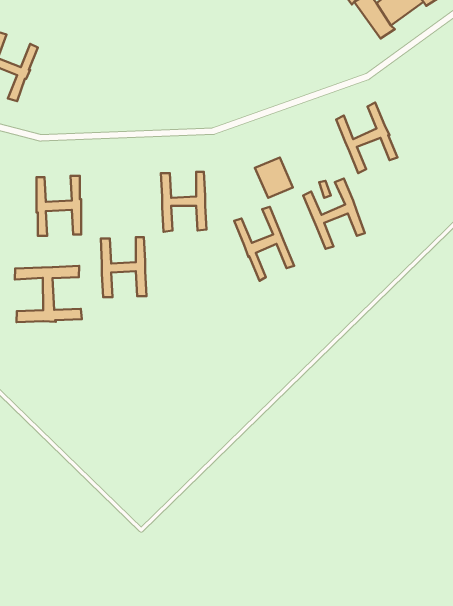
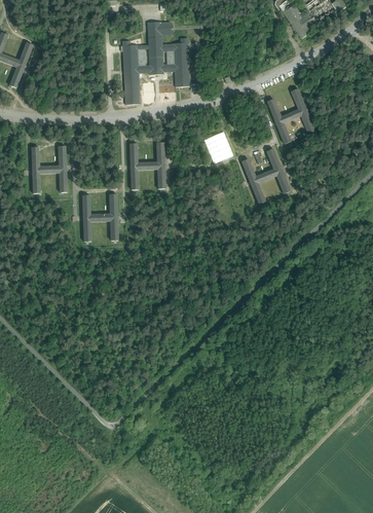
building: none -> [124,21,191,103]
building: [234,207,294,281] -> none
building: [15,266,82,322] -> none

